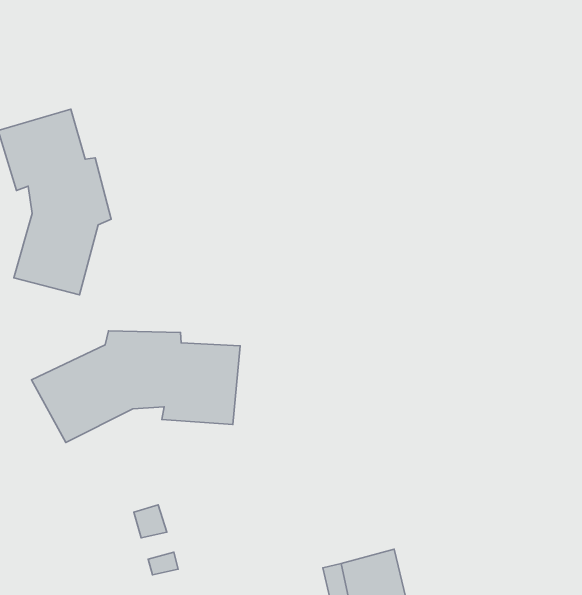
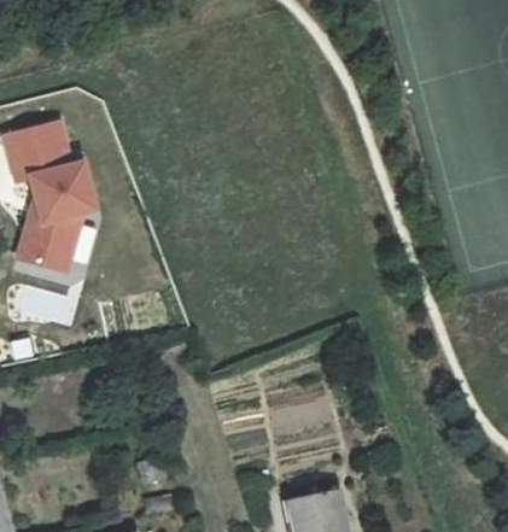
building: [32,331,240,442] -> none

